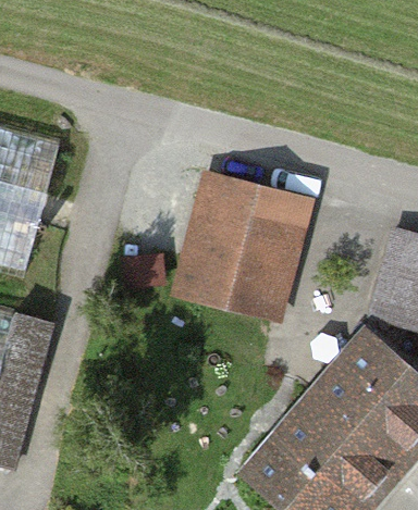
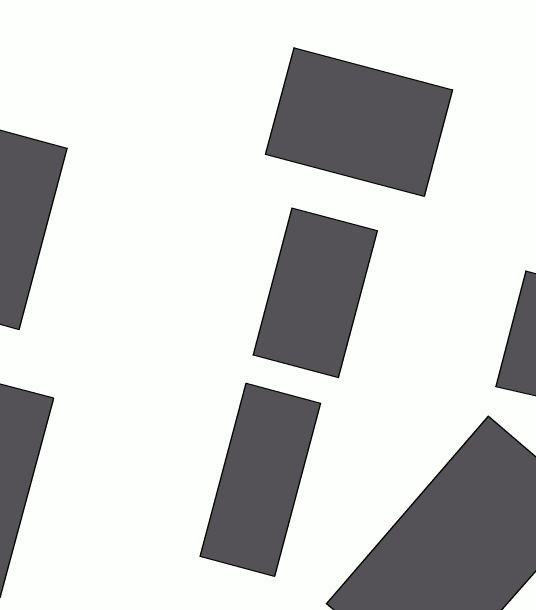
building: none -> [266,48,453,196]
building: none -> [200,383,320,576]

